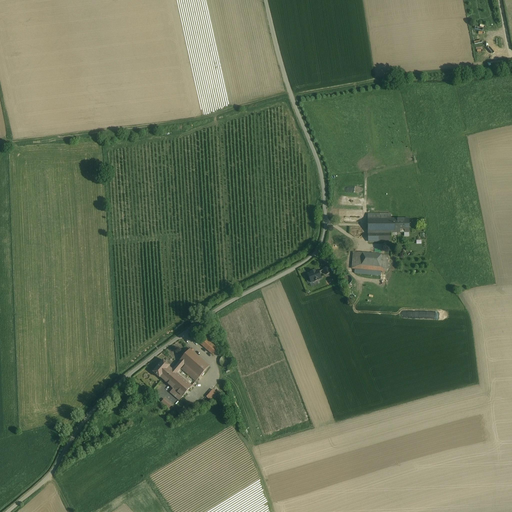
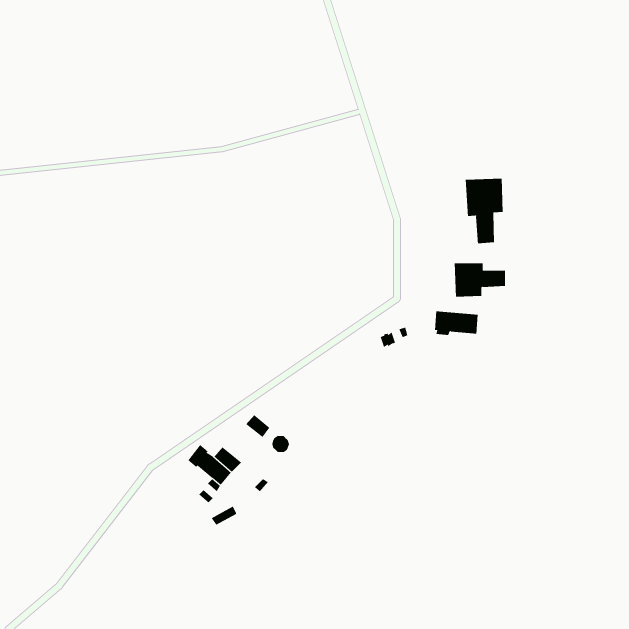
building: none -> [465,178,503,244]
building: [177,346,206,375] -> none

